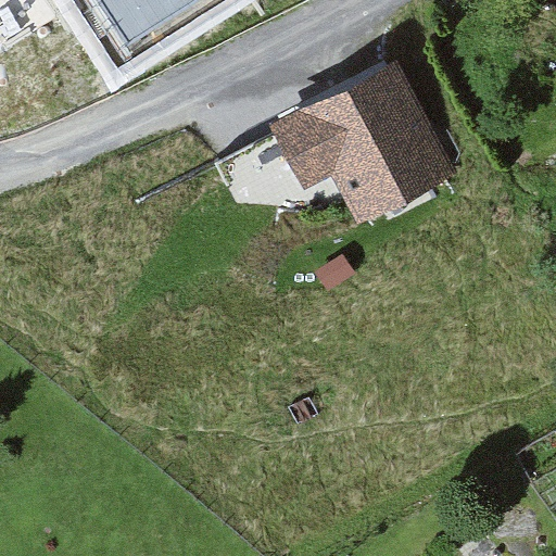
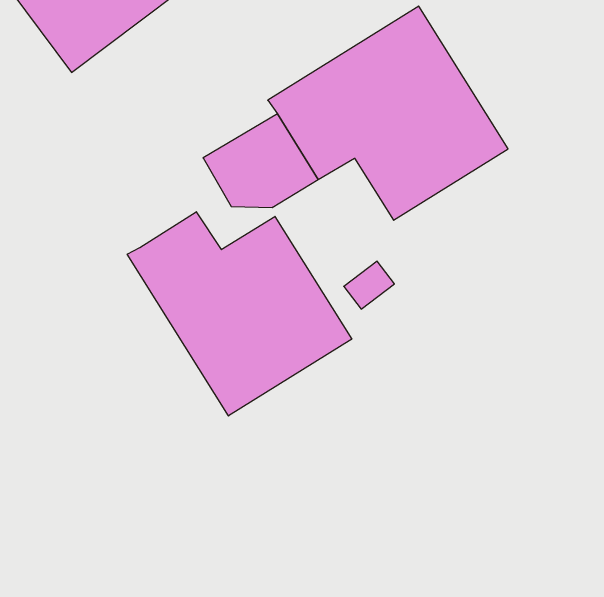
building: none -> [127,212,352,416]

